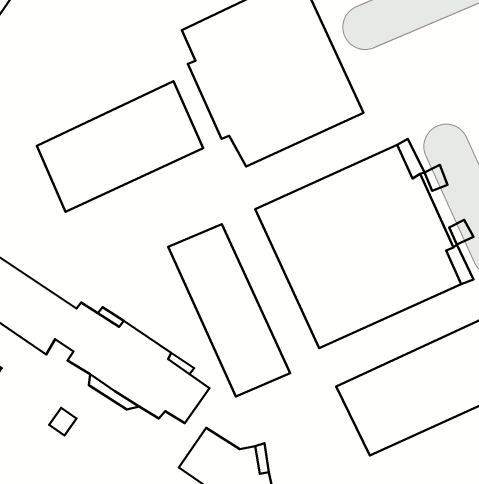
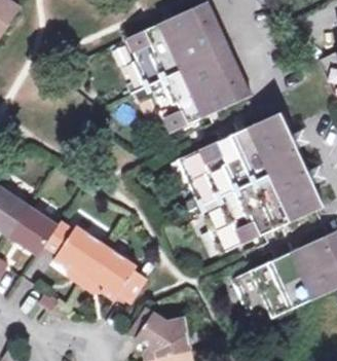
building: [37,81,203,212] -> none
building: [168,224,290,397] -> none

